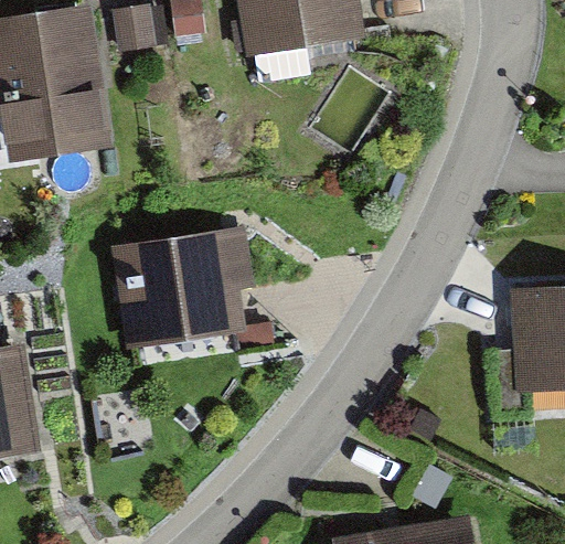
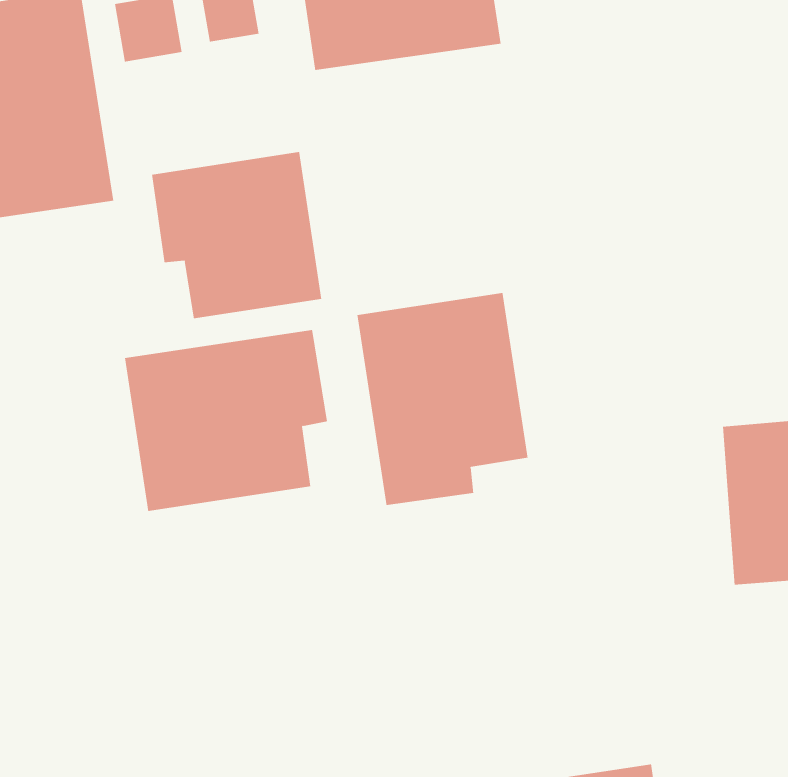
building: none -> [152,151,322,319]
building: none -> [357,292,528,506]

